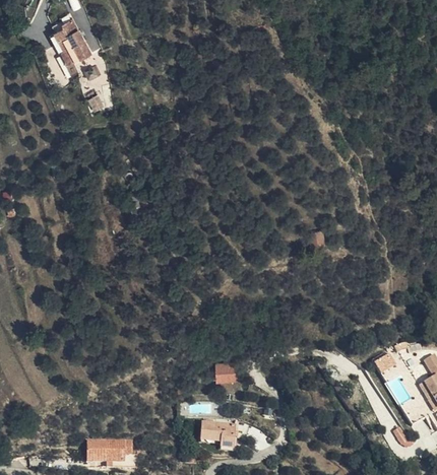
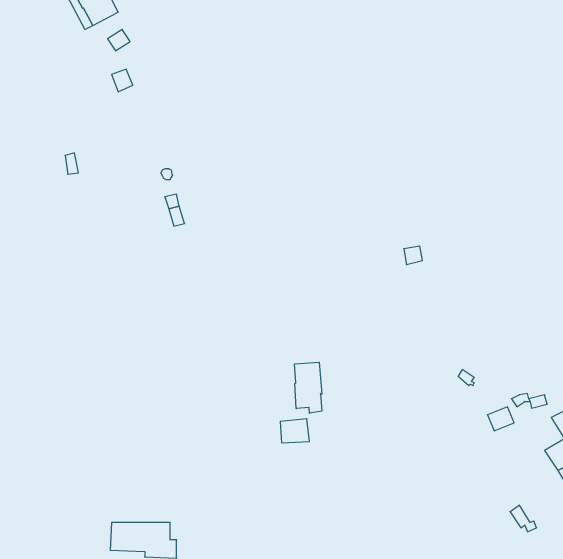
building: none -> [295,362,322,413]
building: [200,421,234,448] -> none

